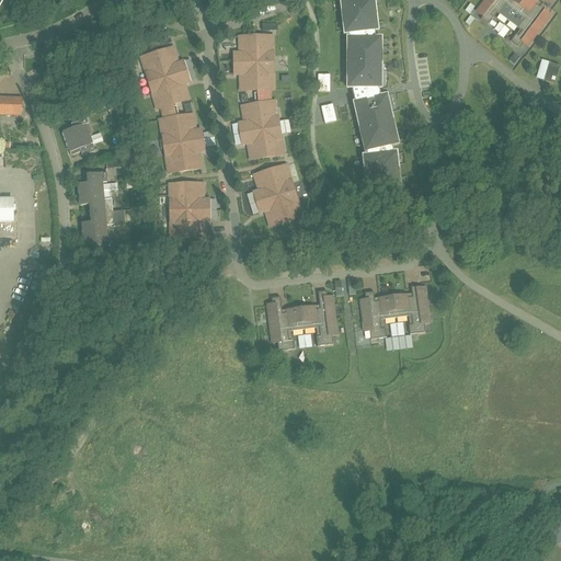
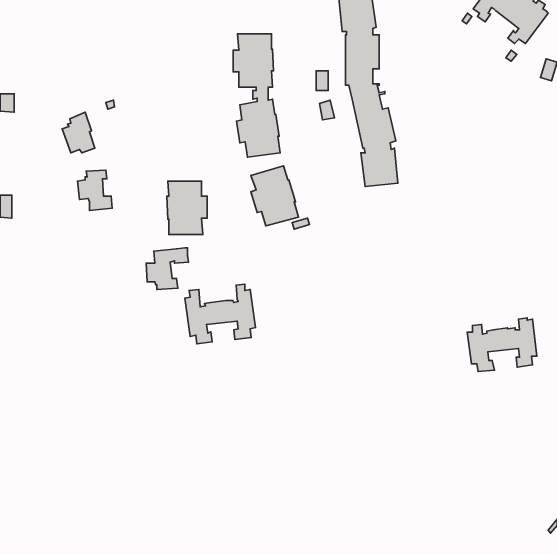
building: [144,43,205,170] -> none
building: [82,208,125,250] -> [146,248,189,289]
building: [359,283,430,336] -> [467,318,537,371]
building: [266,288,337,348] -> [185,284,256,344]

